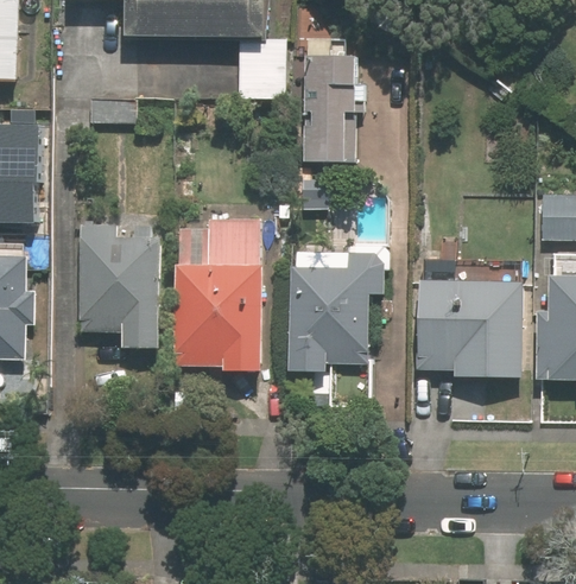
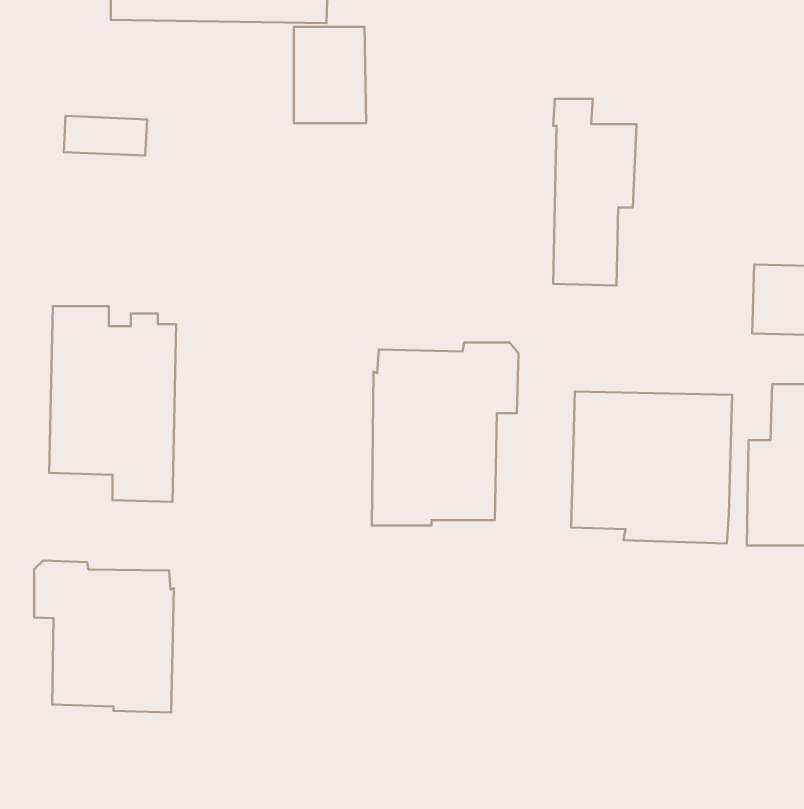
building: [303,40,357,163] -> [553,99,636,286]
building: [173,220,261,370] -> none
building: none -> [34,561,174,713]

